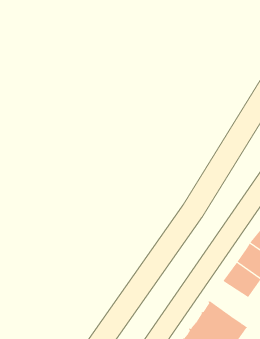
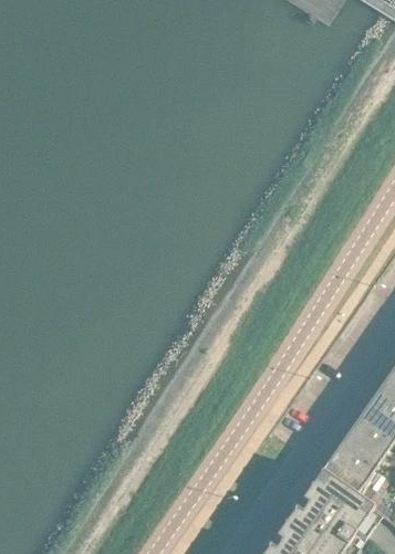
building: none -> [324,440,389,499]

